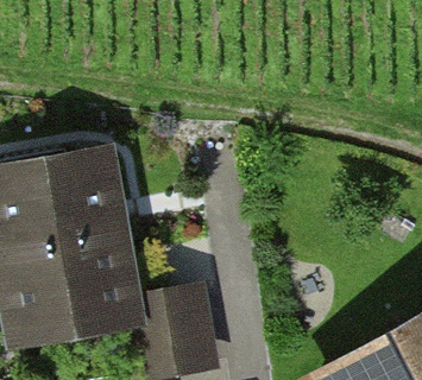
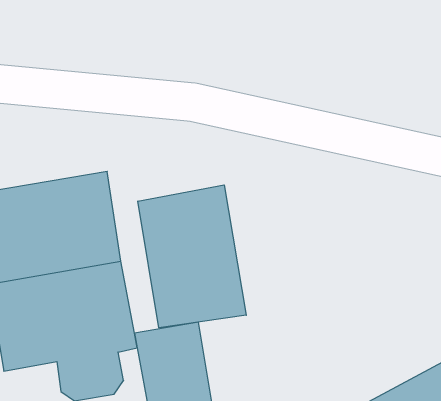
building: none -> [138,185,246,328]

